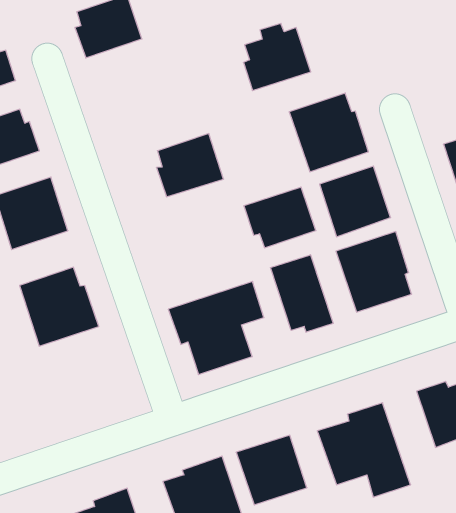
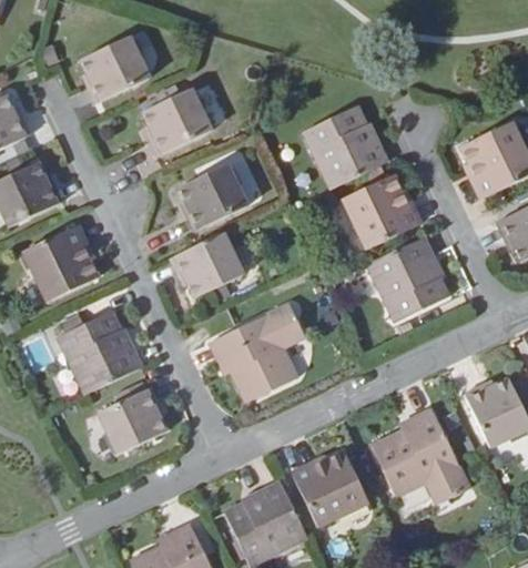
building: [243,23,311,91] -> [143,84,212,154]
building: [244,187,316,248] -> [170,232,244,296]
building: [270,255,333,332] -> none
building: none -> [99,386,165,453]

